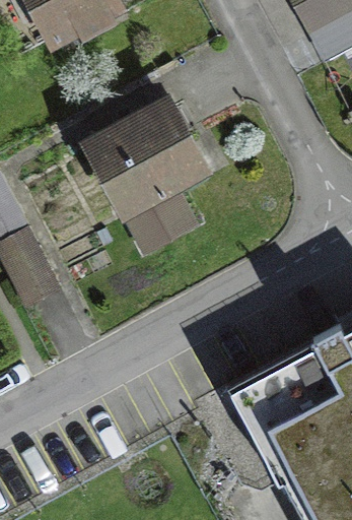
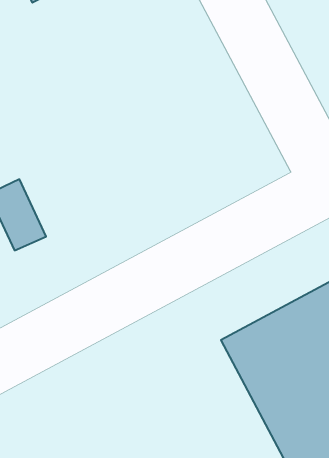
building: [91,107,206,245] -> none

